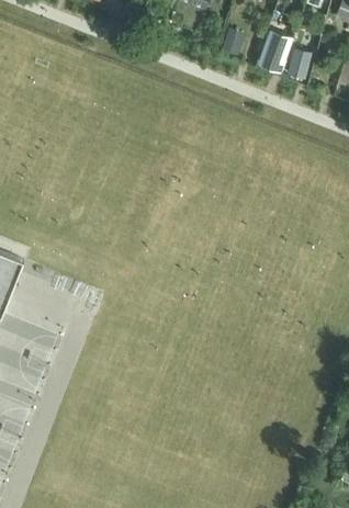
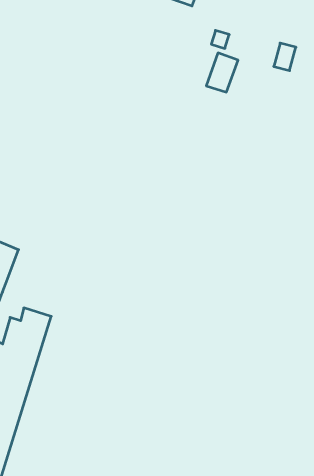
building: [258,32,291,72] -> [206,53,238,92]

